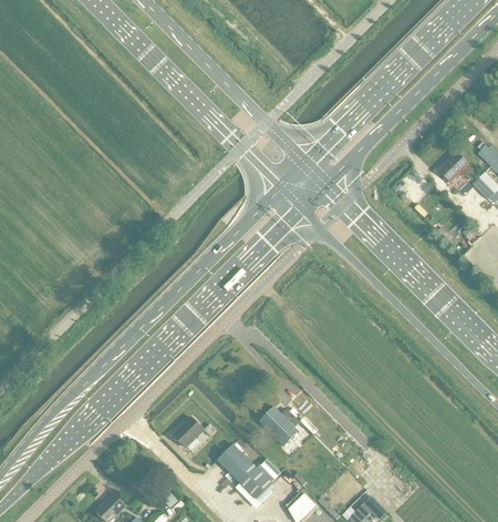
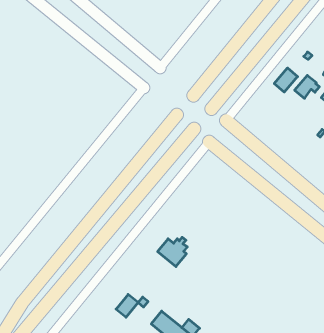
building: none -> [274,68,298,92]
building: [259,408,299,446] -> [158,237,187,267]

